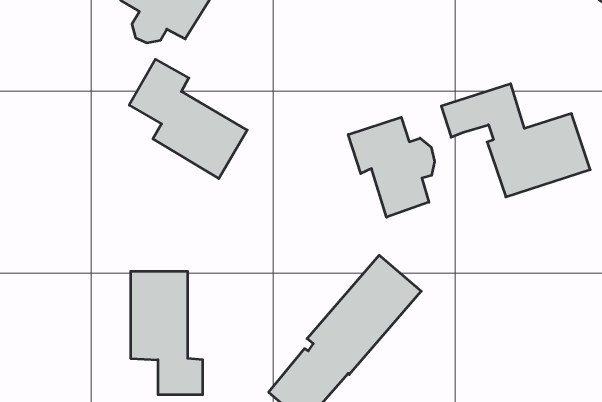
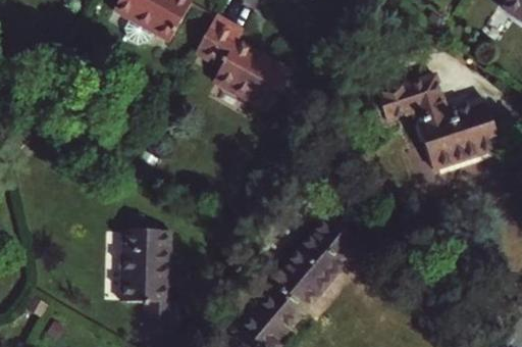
building: [129,59,247,179] -> [194,13,291,111]
building: [348,117,435,217] -> none

